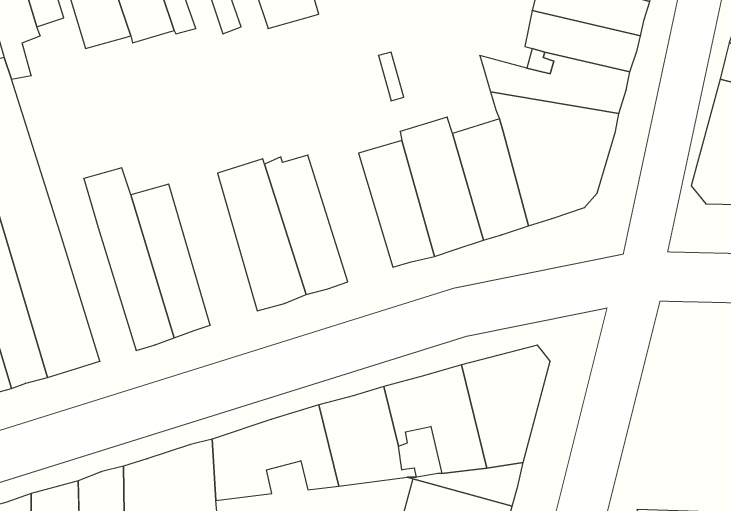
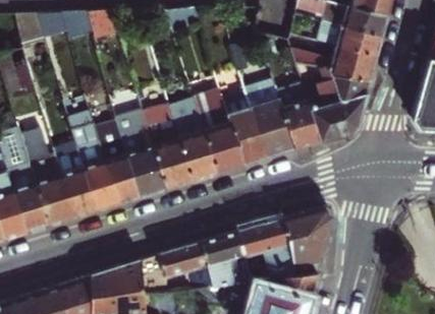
building: none -> [194,87,243,172]
building: none -> [117,108,167,196]
building: none -> [57,141,99,216]

